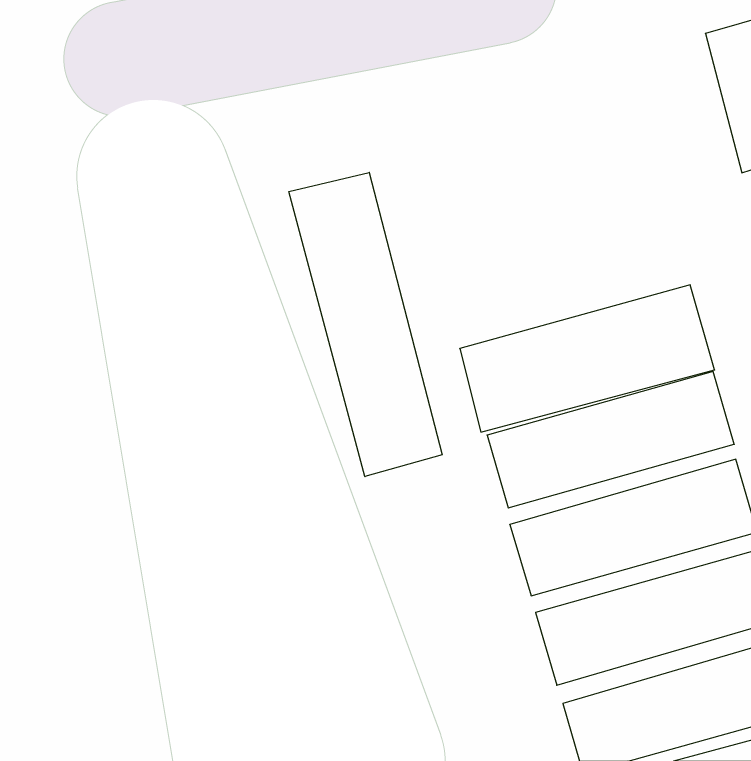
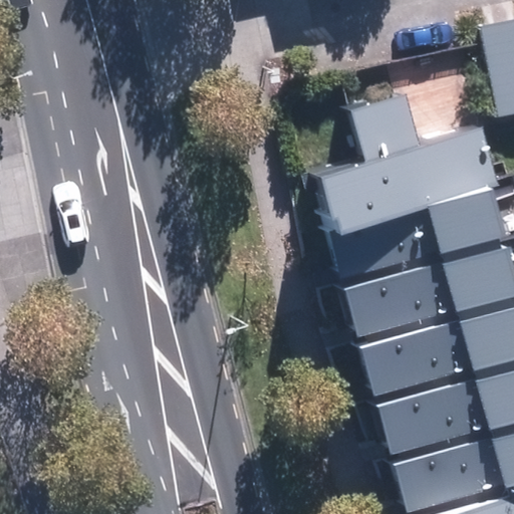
building: none -> [305,99,492,231]
building: [289,172,442,477] -> none

